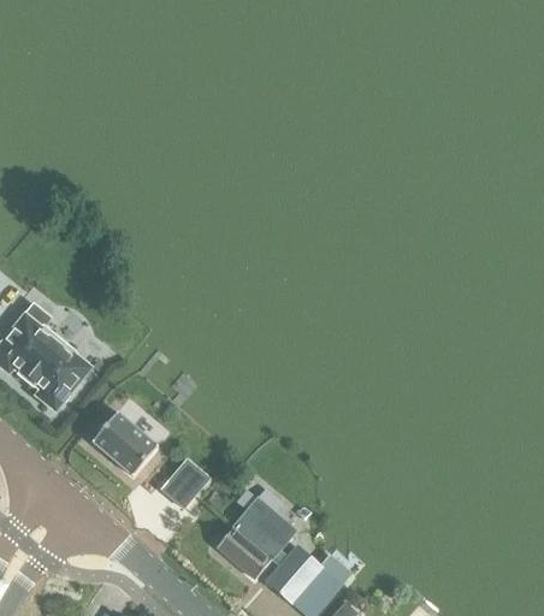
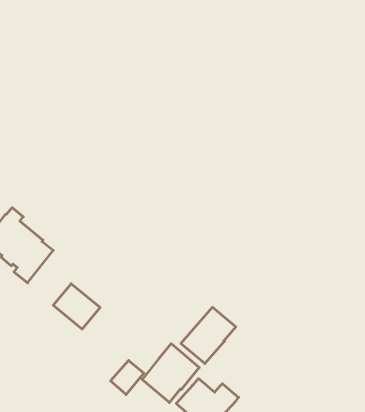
building: none -> [181,307,236,364]
building: [161,460,208,508] -> [111,360,144,395]

